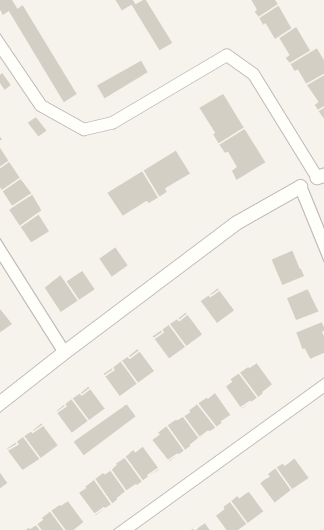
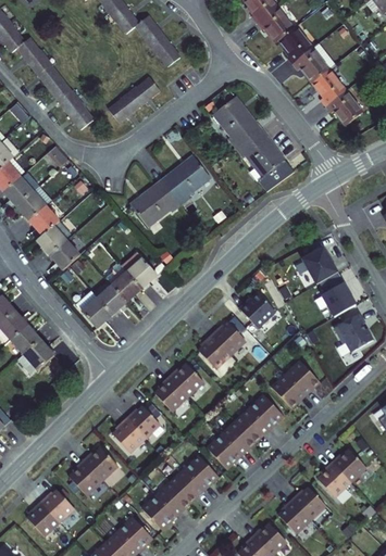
building: none -> [114,269,149,308]
building: [72,403,137,456] -> none

